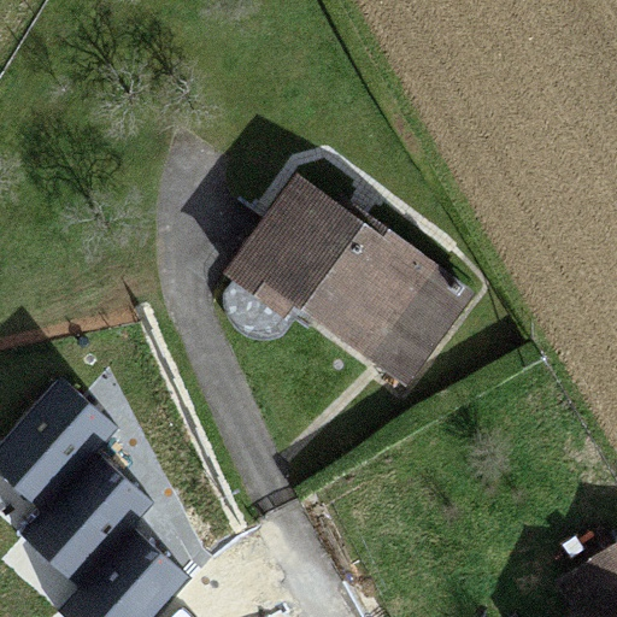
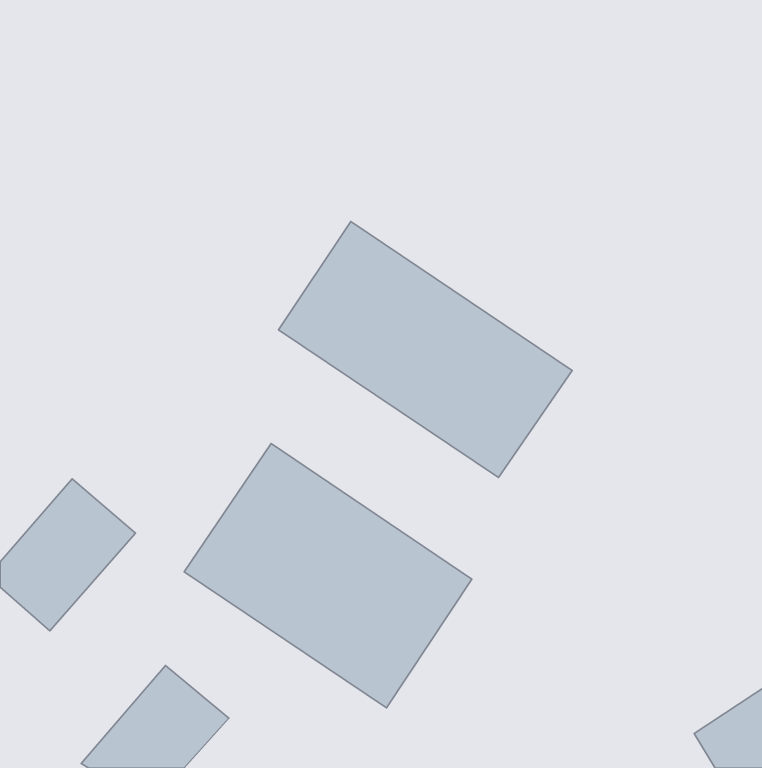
building: none -> [184,444,472,708]
building: [34,457,152,577] -> none

